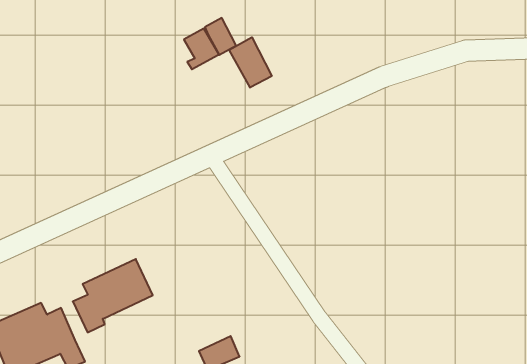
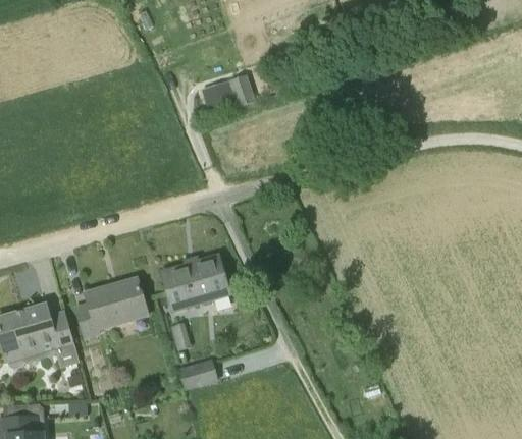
building: [229,37,272,88] -> none
building: none -> [161,255,228,310]

